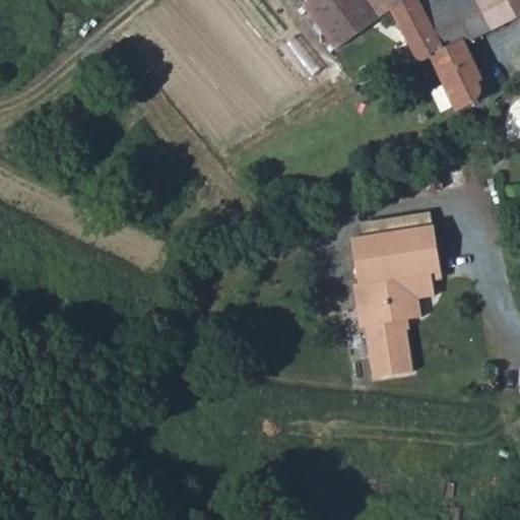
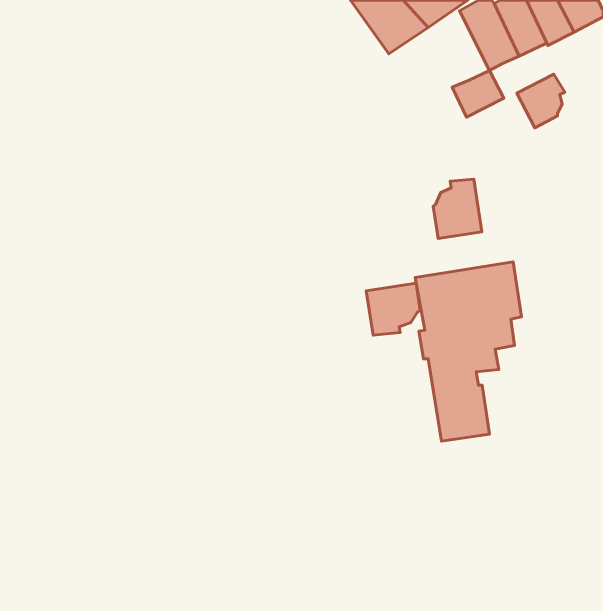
building: [427,40,470,79] -> [452,71,504,117]
building: none -> [433,179,482,239]
building: none -> [366,283,420,335]

